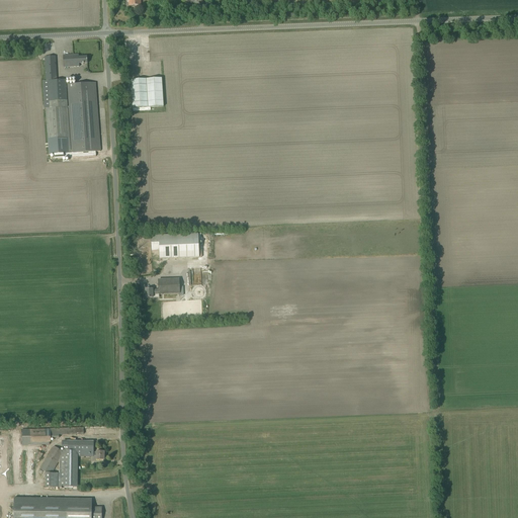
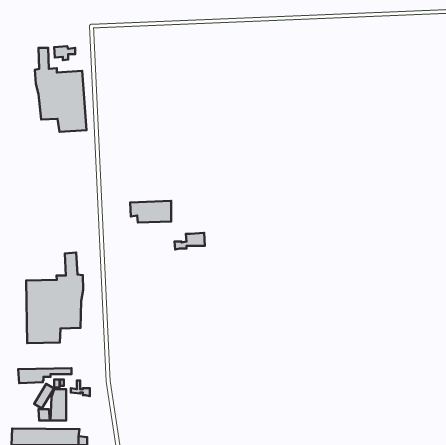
building: [131,77,163,108] -> none
building: [145,278,180,297] -> [174,233,205,249]
building: none -> [26,253,83,343]

